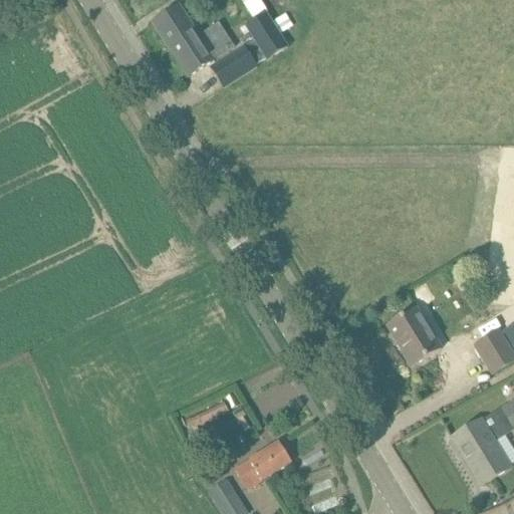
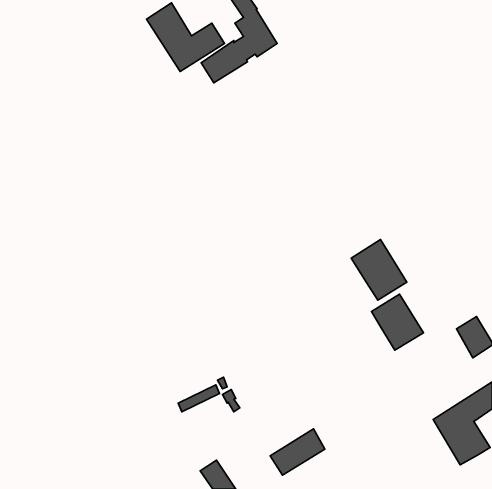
building: none -> [351,239,407,300]
building: [234,440,291,488] -> [270,429,325,475]

